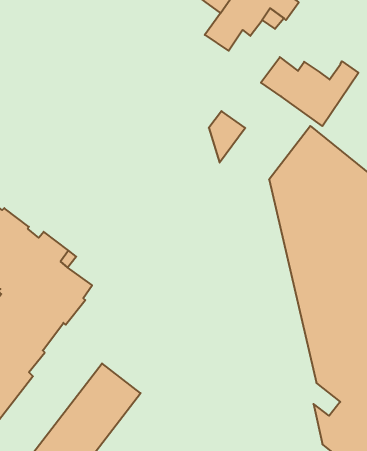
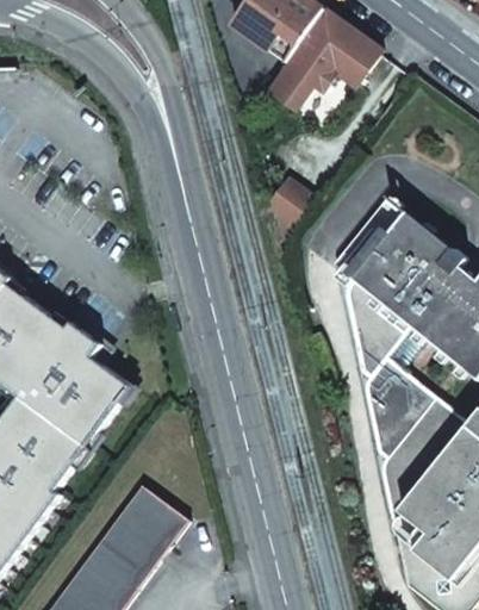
building: [261,57,358,126] -> none

